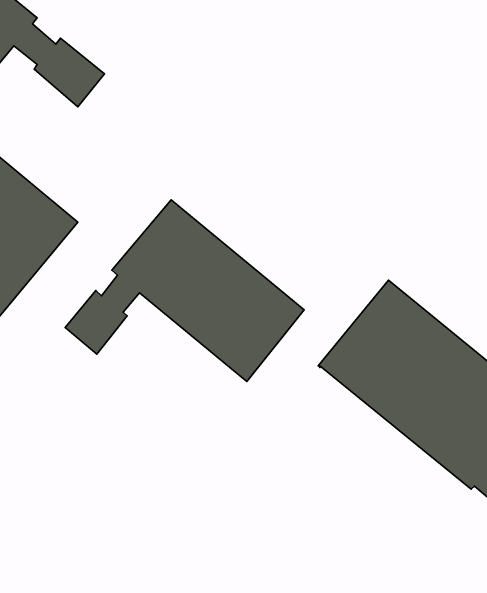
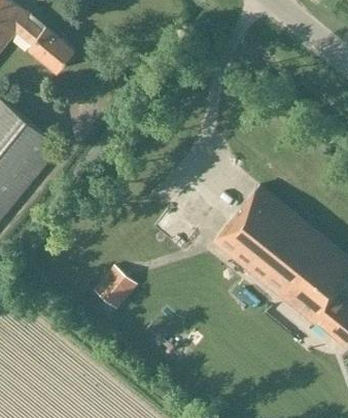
building: [65,200,304,381] -> none
building: none -> [96,267,138,309]

